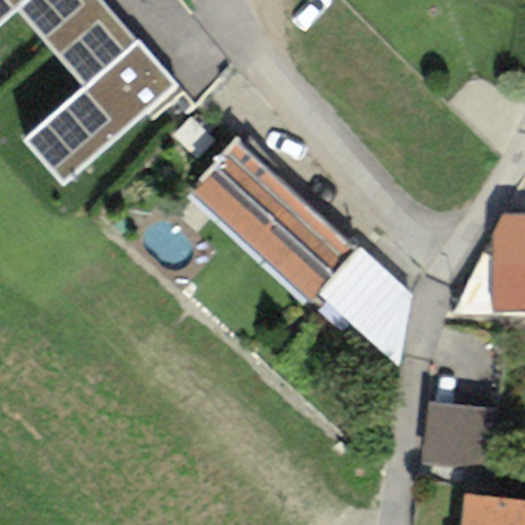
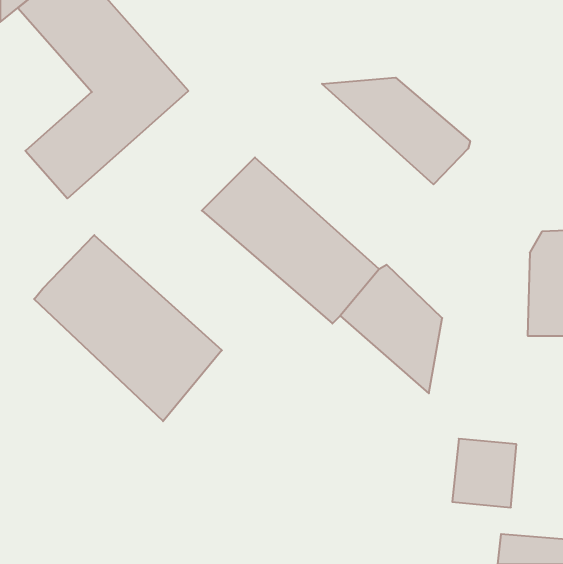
building: none -> [322,78,470,184]
building: none -> [34,235,222,421]

